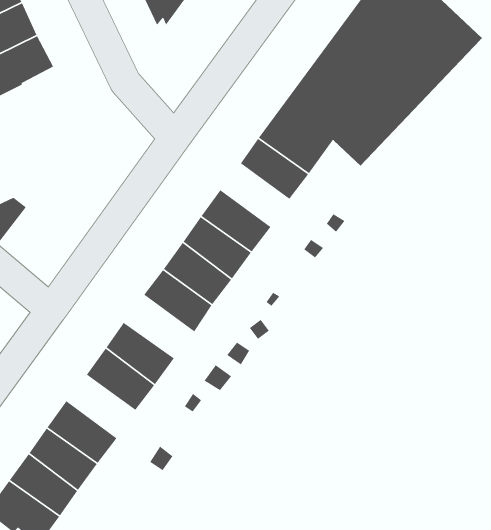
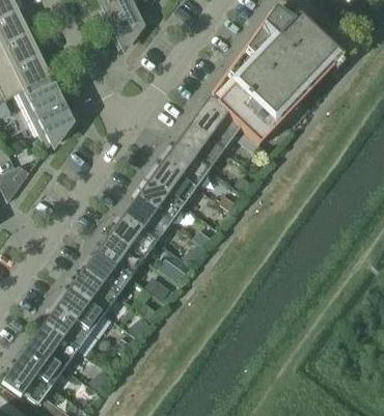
building: none -> [26,76,70,147]
building: none -> [162,142,210,186]
building: none -> [95,232,144,276]
building: none -> [56,287,104,331]

